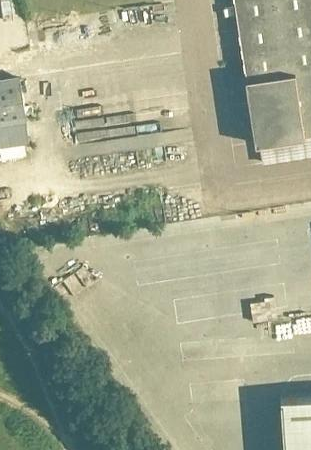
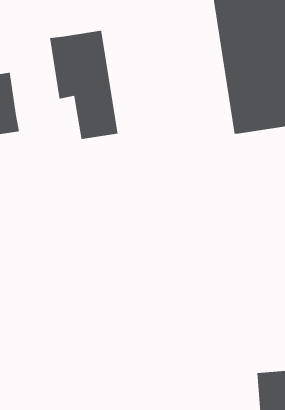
building: none -> [50,30,118,140]

